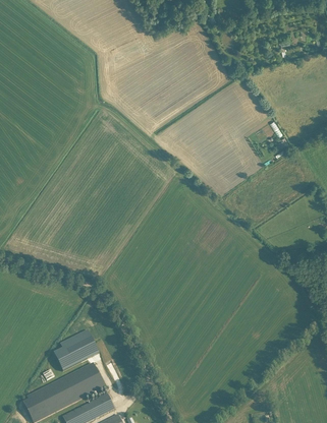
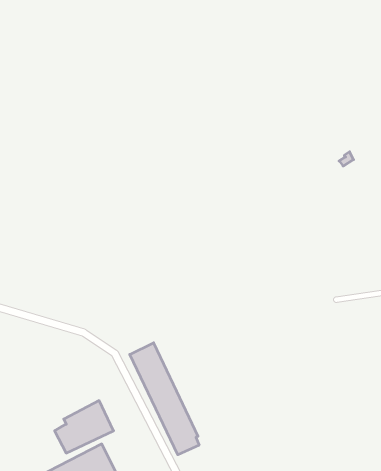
building: none -> [130,343,199,455]

